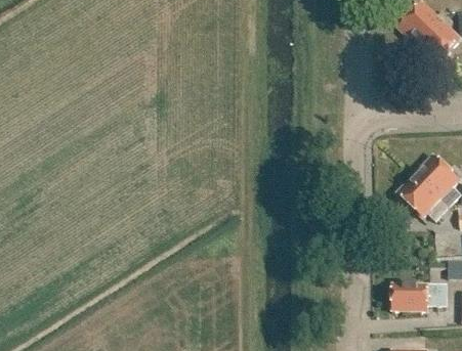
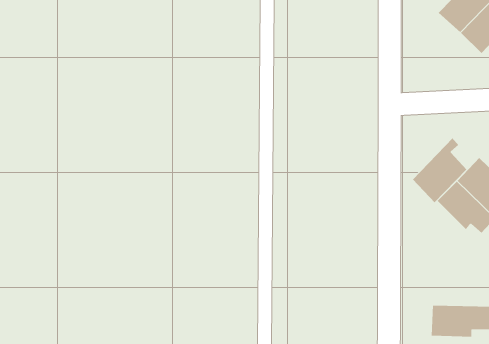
building: none -> [412,138,467,203]

